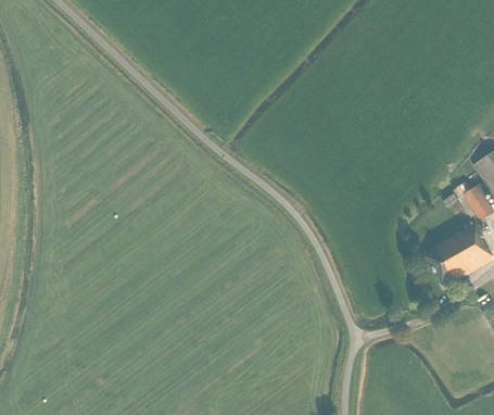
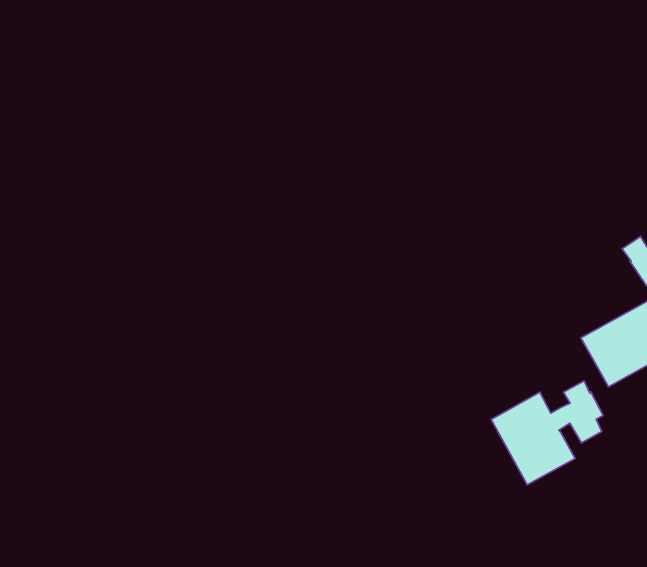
building: none -> [491,381,603,485]

